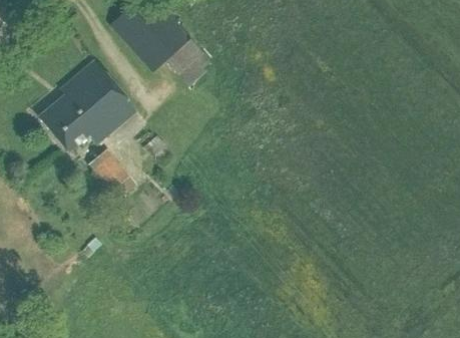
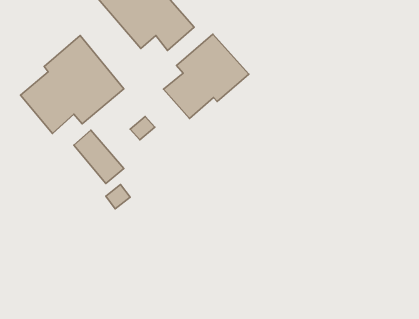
building: none -> [164,34,249,118]

